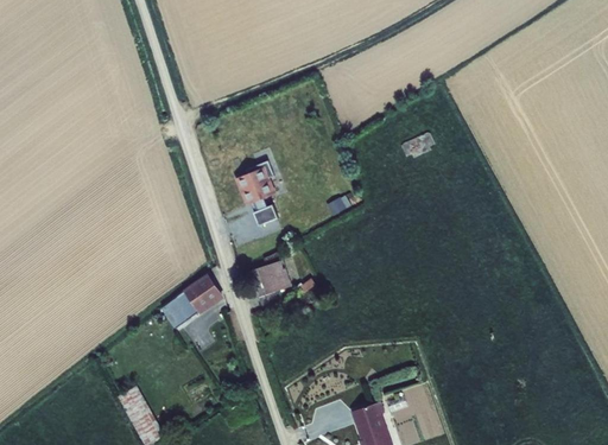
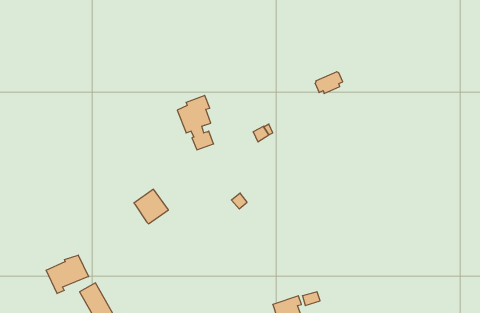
building: [251,259,292,306] -> none
building: [162,291,198,329] -> none
building: none -> [46,255,89,294]

